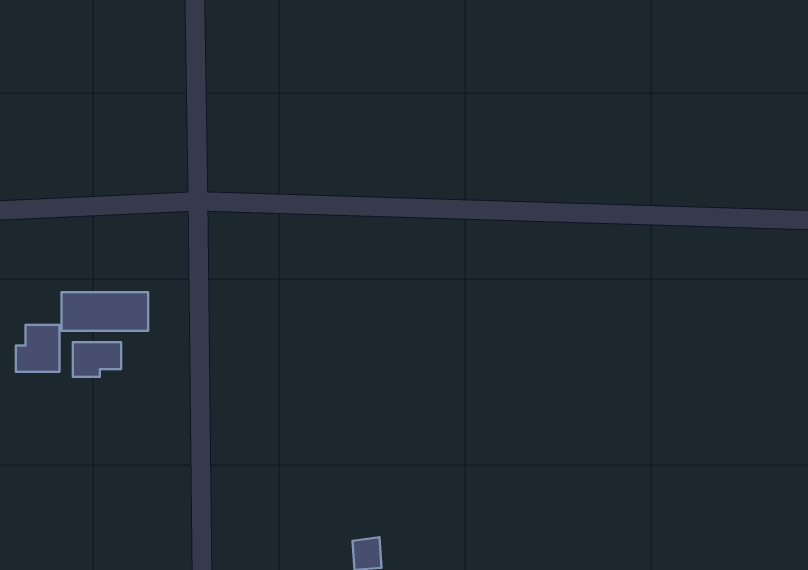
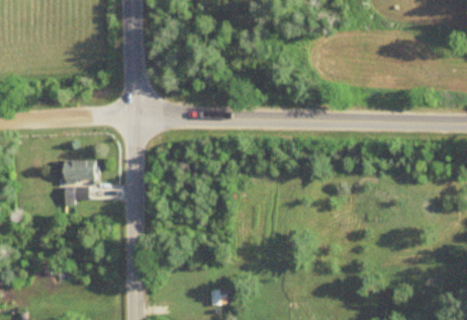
building: [16,325,59,372] -> none

